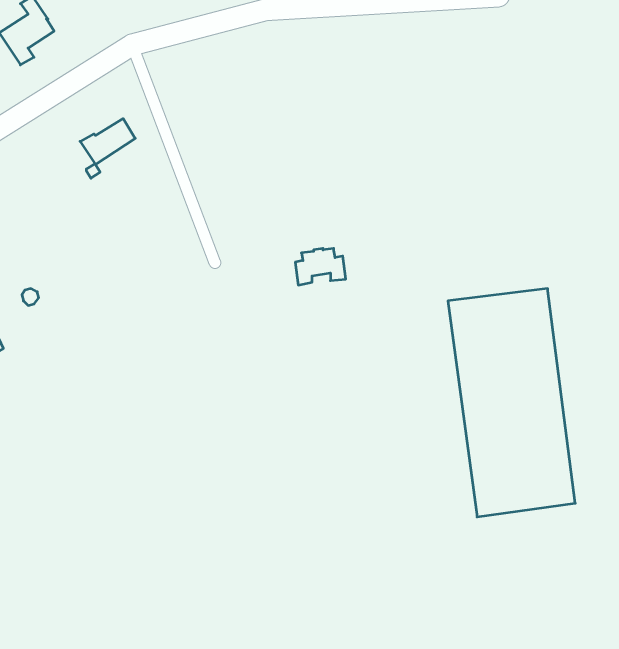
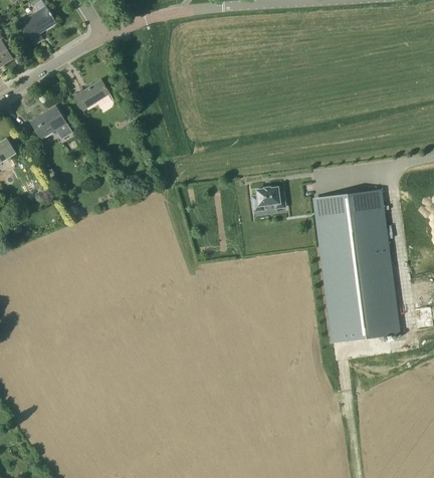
building: none -> [30,106,66,139]
building: [295,248,346,285] -> [252,188,285,212]

